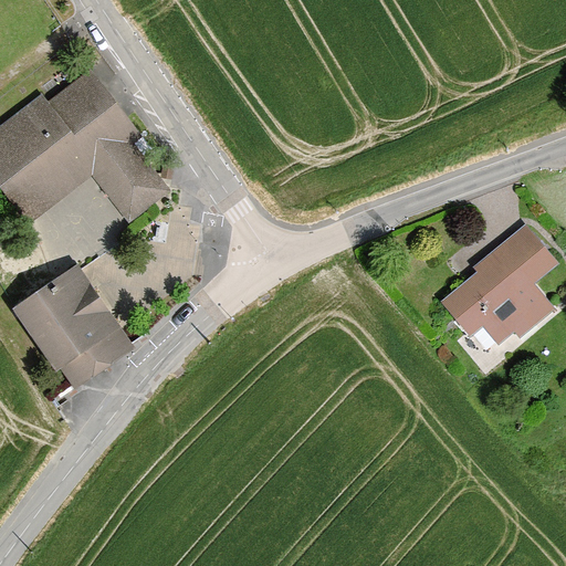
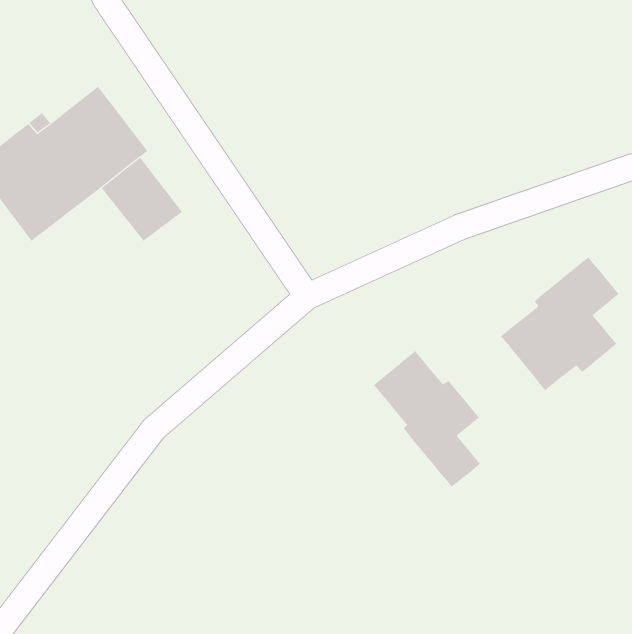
building: [14,268,129,380] -> none
building: none -> [373,350,481,487]

